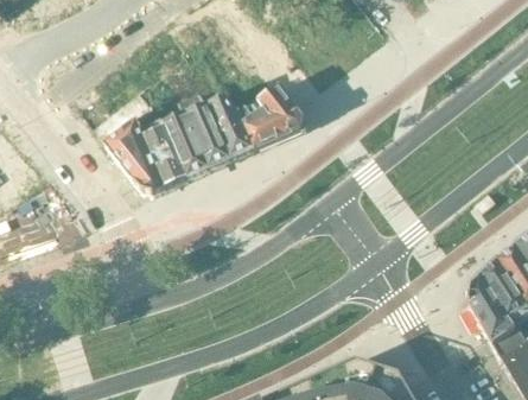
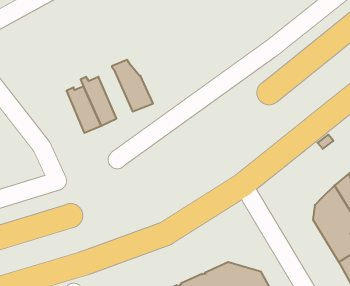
building: [242,91,307,155] -> none
building: [179,101,231,176] -> none
building: [108,127,167,201] -> none

